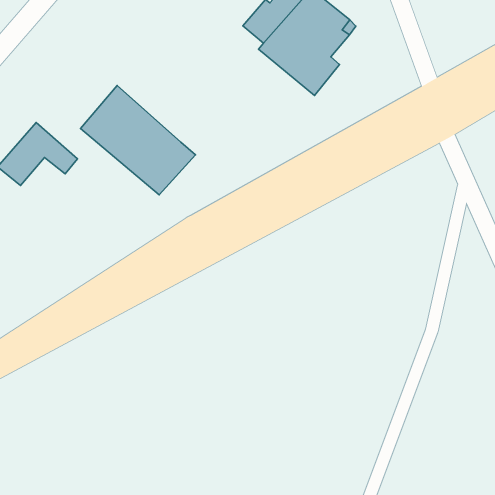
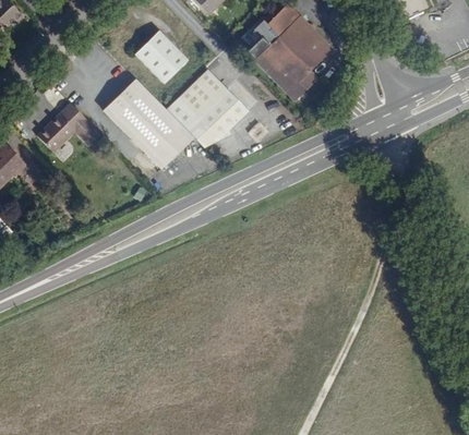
building: none -> [134,29,187,82]
building: none -> [177,71,248,146]

